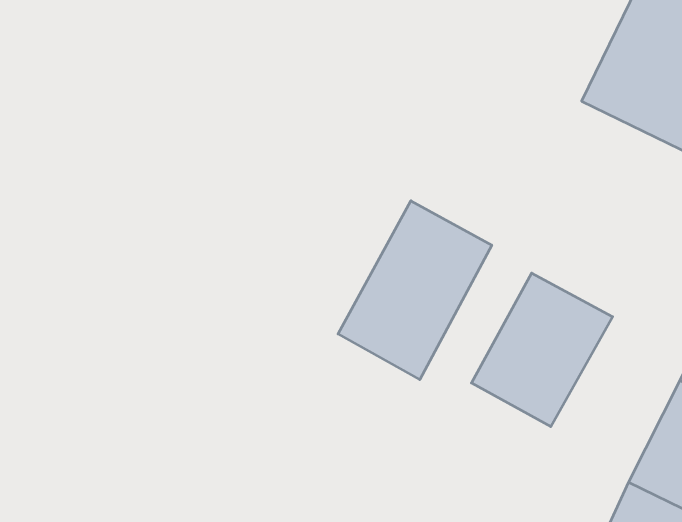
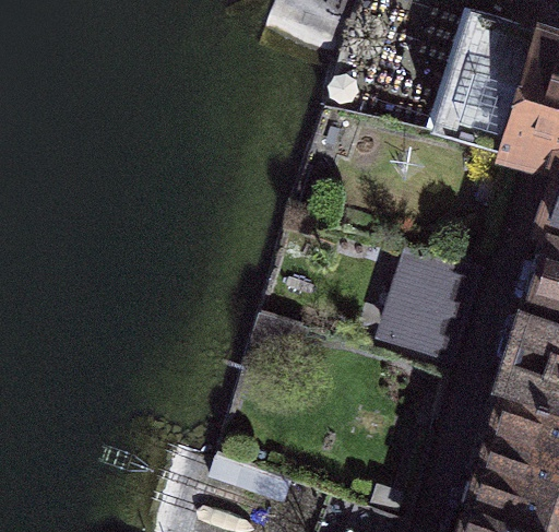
building: [338,201,492,380] -> none

